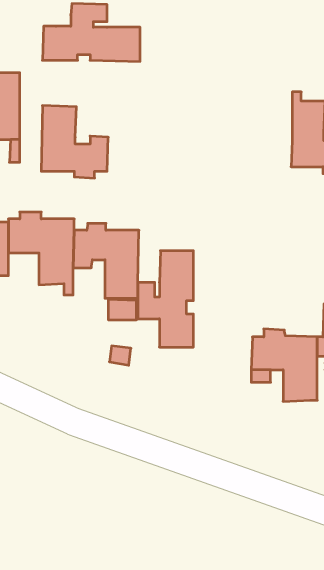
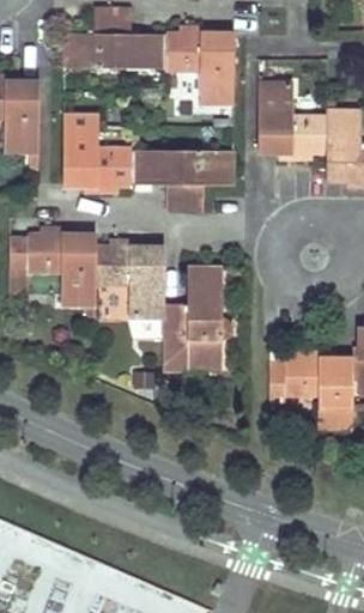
building: none -> [165,26,235,116]
building: none -> [256,81,326,159]
building: none -> [131,148,232,208]

